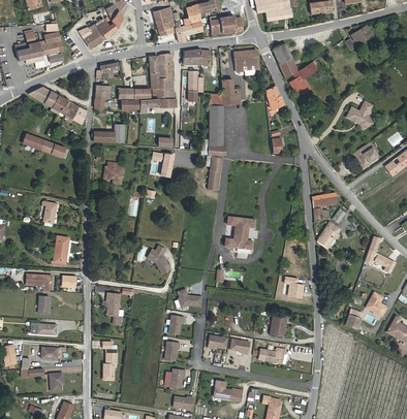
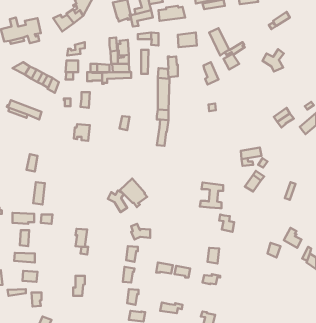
building: [347,100,374,128] -> [262,49,284,72]
building: [225,216,254,248] -> [200,183,223,208]
building: none -> [120,179,147,207]

